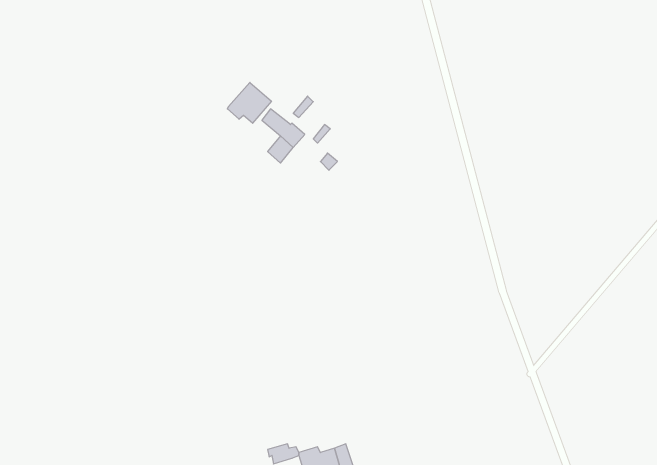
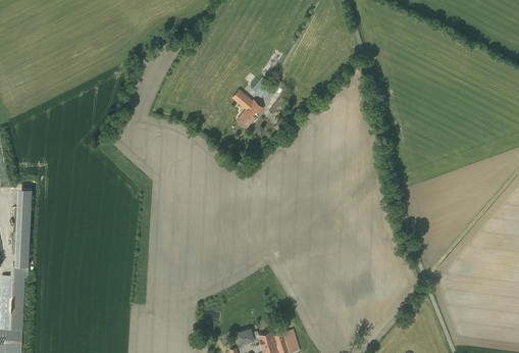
building: [227,82,271,123] -> none

